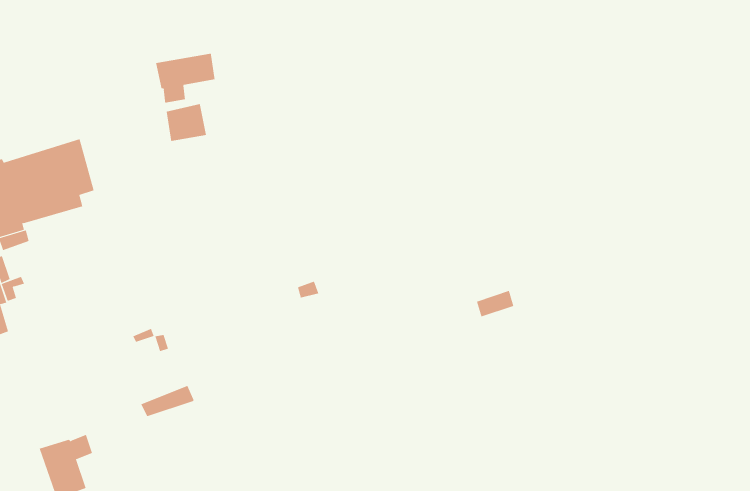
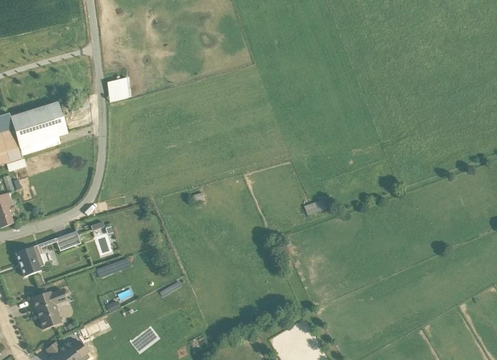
building: [156,53,215,104] -> none
building: none -> [15,229,79,275]

